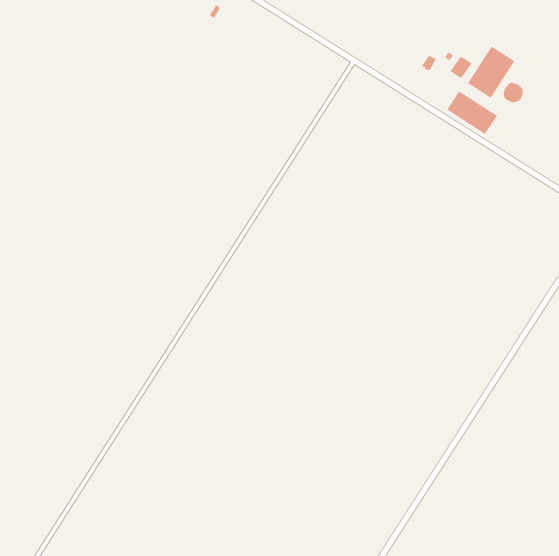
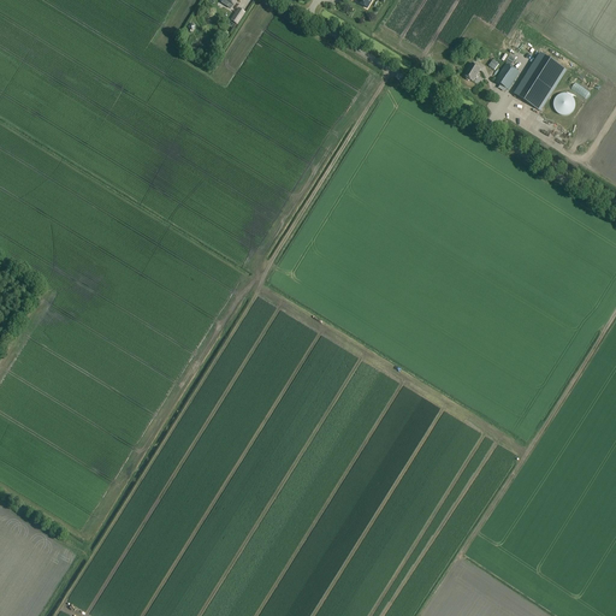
building: [447,91,498,135] -> none

